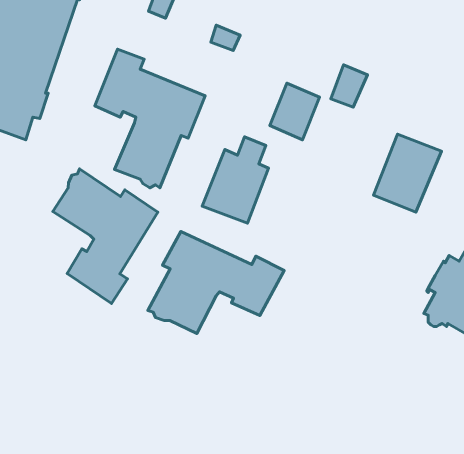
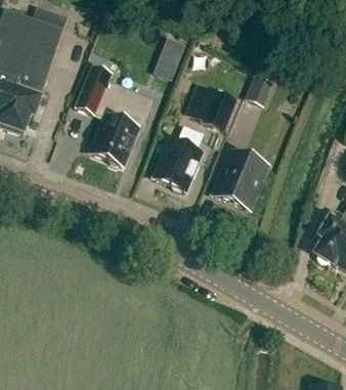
building: [374,134,441,212] -> [217,153,266,209]
building: [53,169,158,303] -> none
building: [148,232,284,334] -> none

